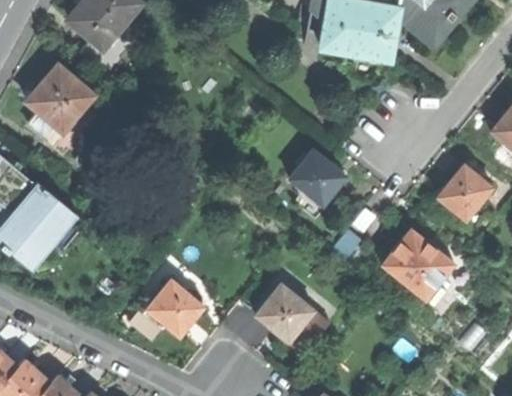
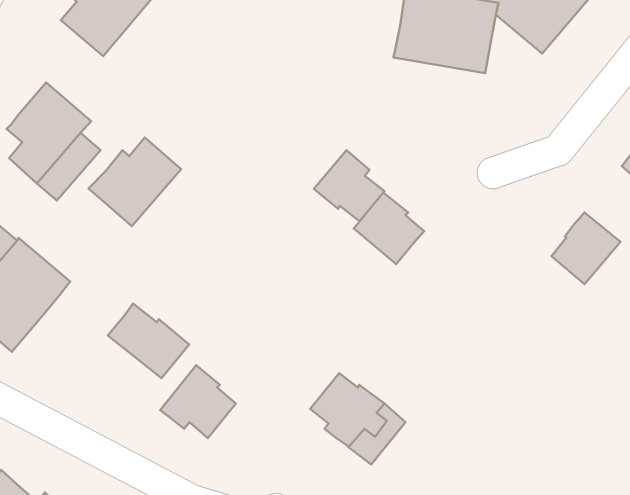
building: none -> [89,138,181,226]
building: none -> [314,150,384,221]
building: [384,230,454,304] -> none
building: none -> [108,304,189,378]

